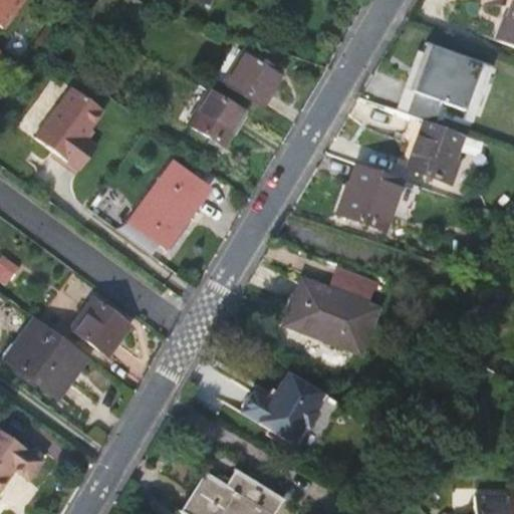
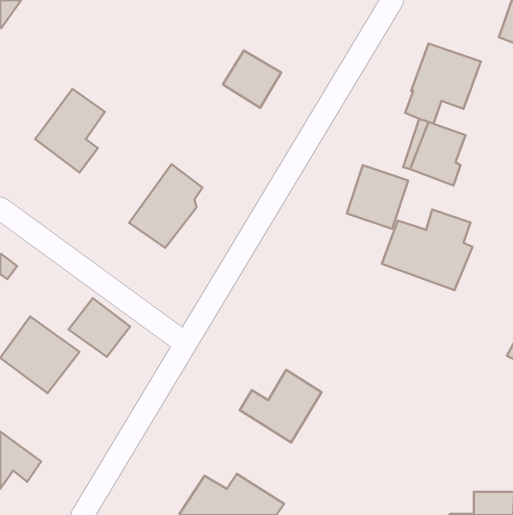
building: [186,89,243,147] -> none
building: [287,267,377,347] -> [382,210,473,290]

